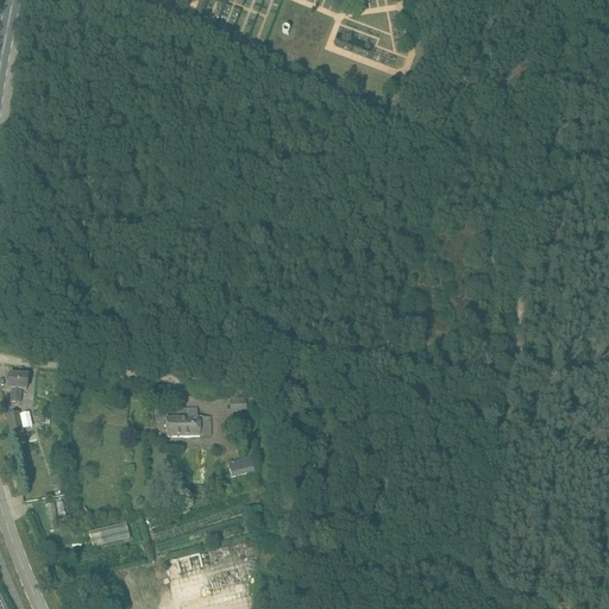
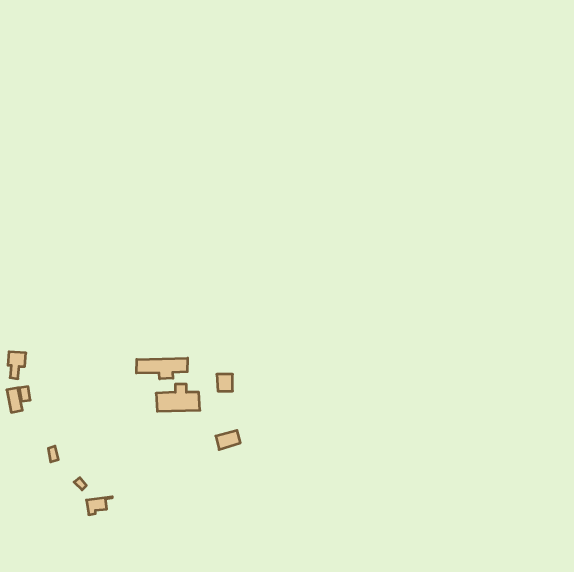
building: none -> [136,358,188,379]

